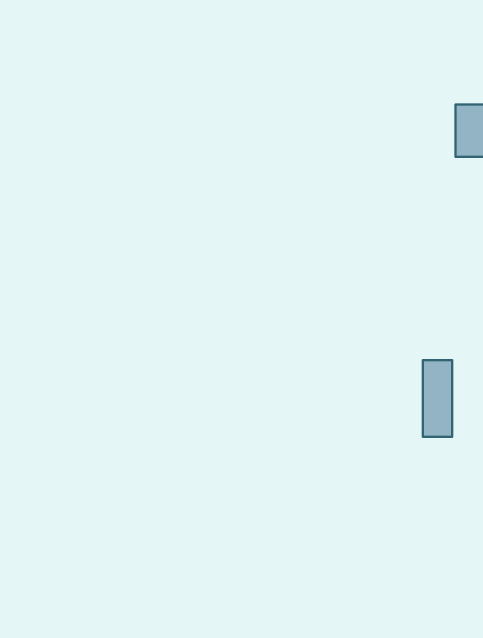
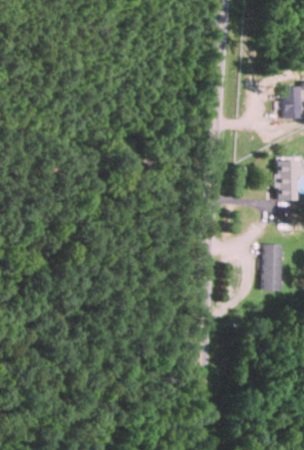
building: none -> [275,161,296,200]

